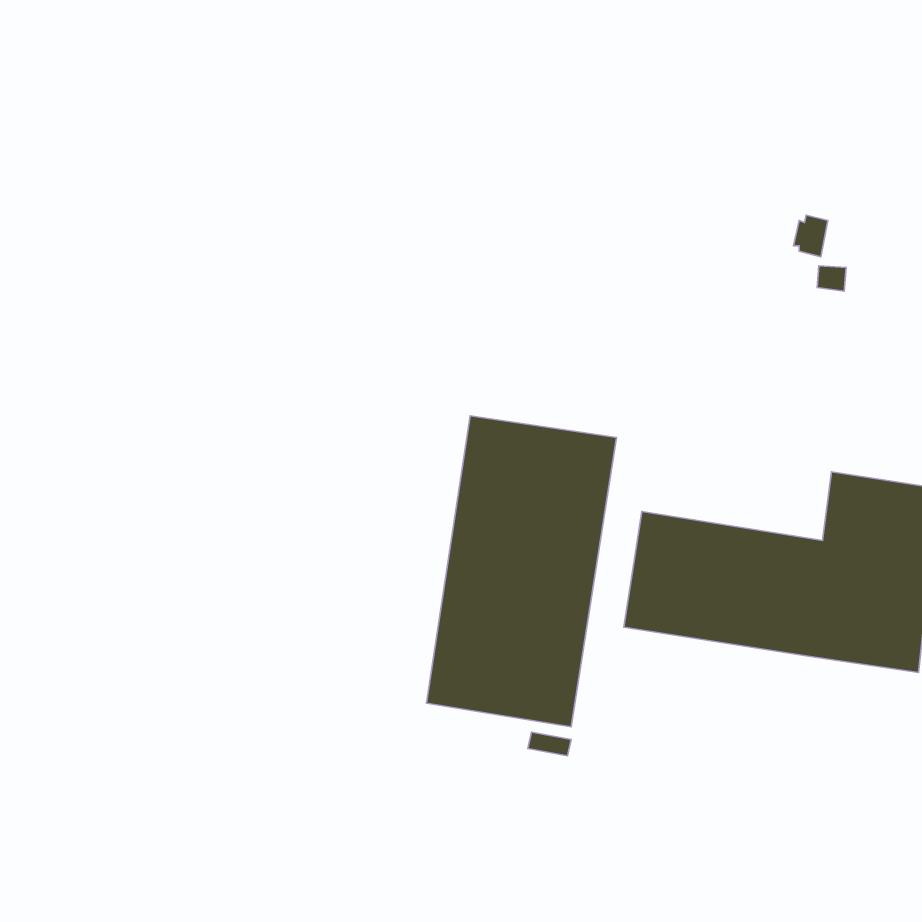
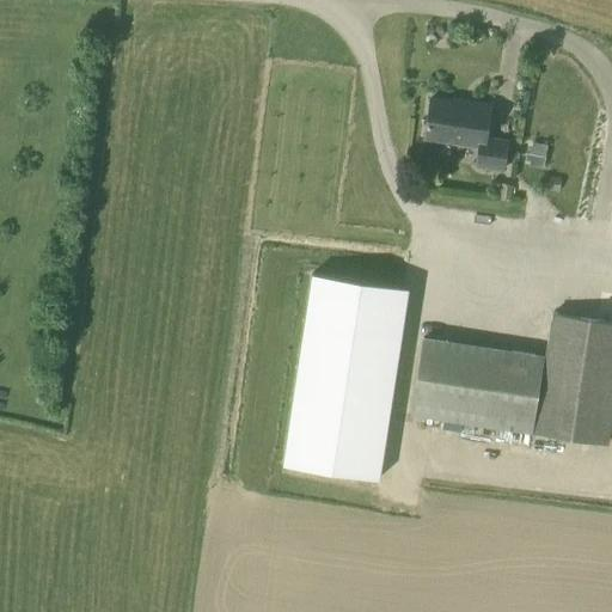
building: none -> [427,100,508,171]

